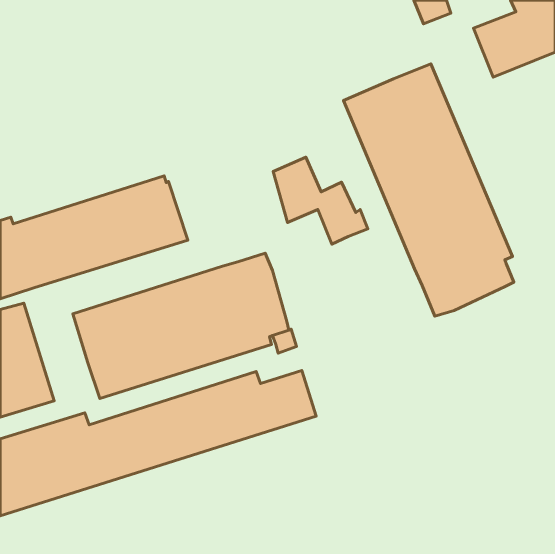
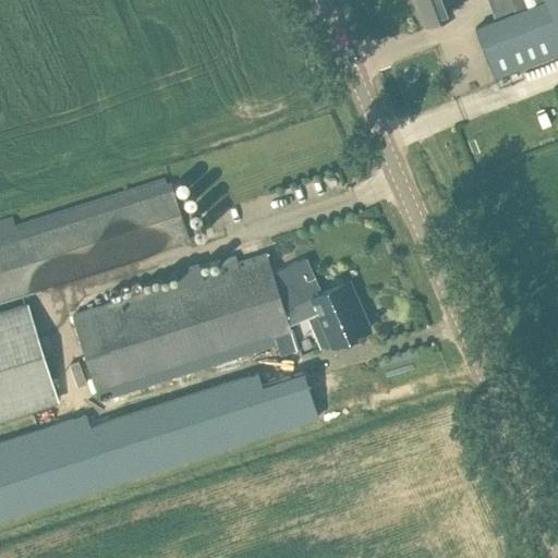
building: [343,64,514,316] -> none
building: [273,157,368,244] -> [274,258,368,345]

